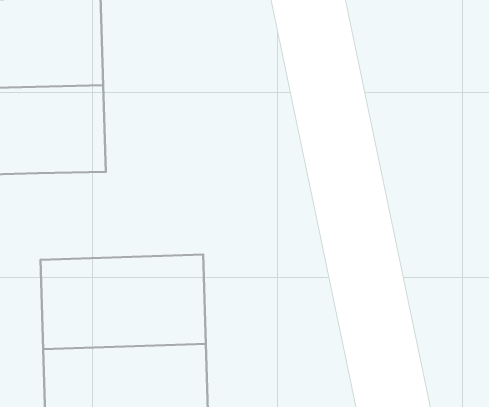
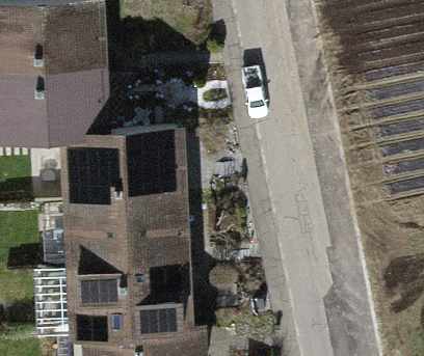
building: none -> [56,134,185,204]

